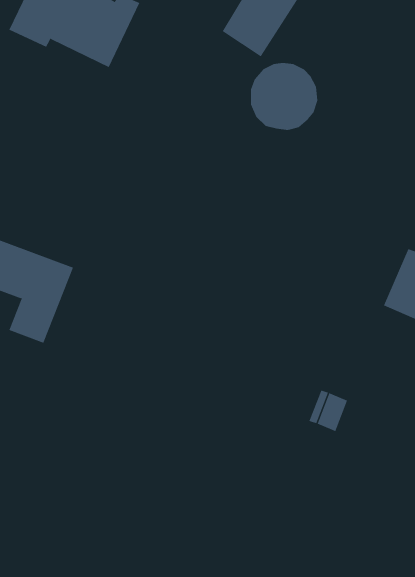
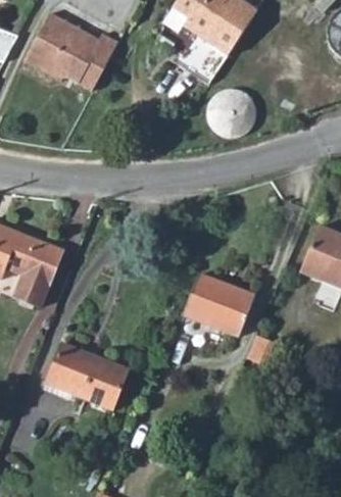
building: none -> [186,268,256,329]
building: none -> [49,343,130,407]

